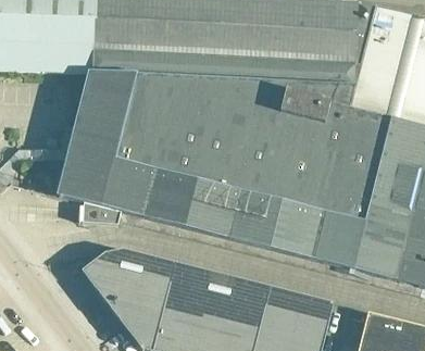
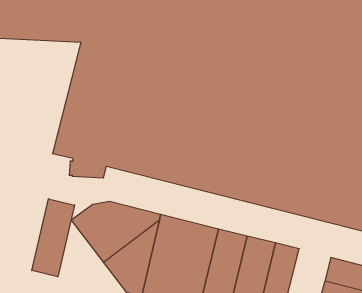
building: none -> [32,199,75,277]

